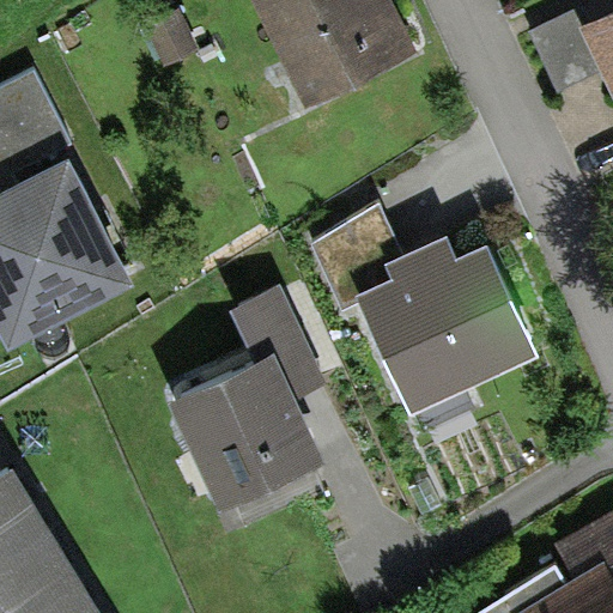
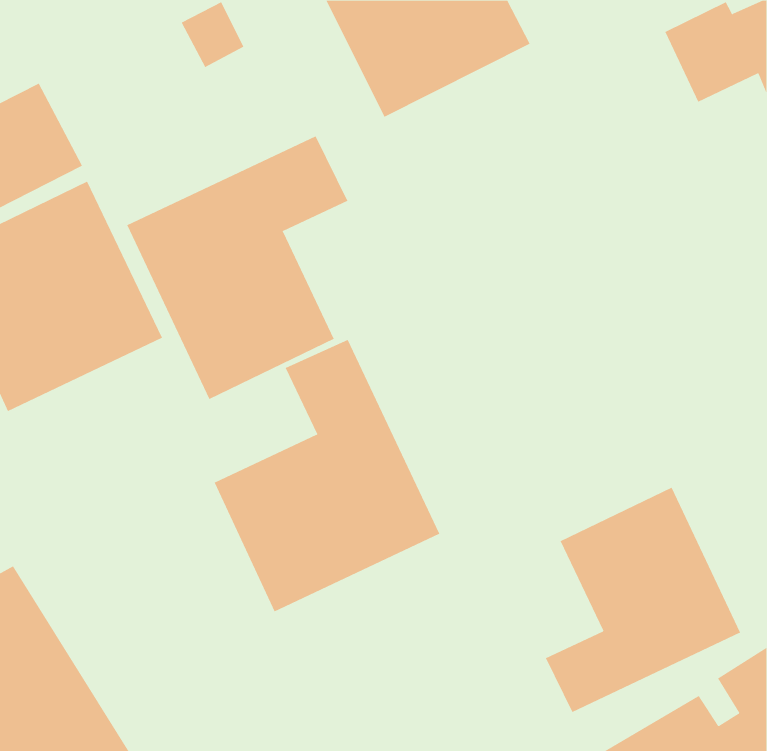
building: none -> [126,135,348,400]
building: [314,207,541,417] -> none
building: none -> [545,487,741,713]

